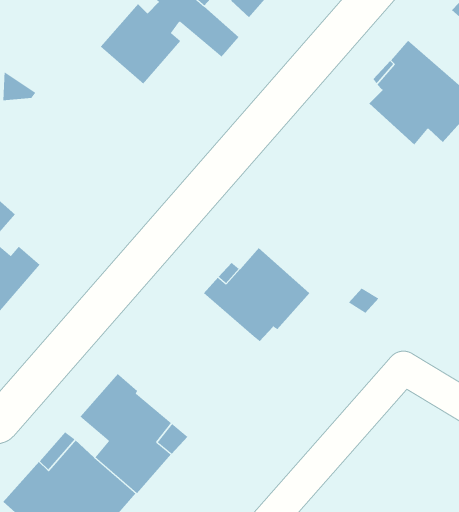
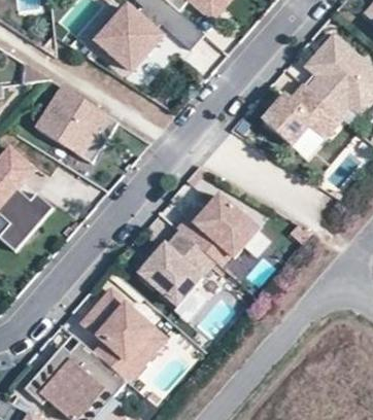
building: none -> [260,84,339,146]
building: none -> [35,85,117,162]
building: none -> [136,229,213,306]

